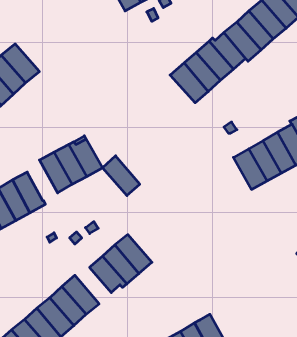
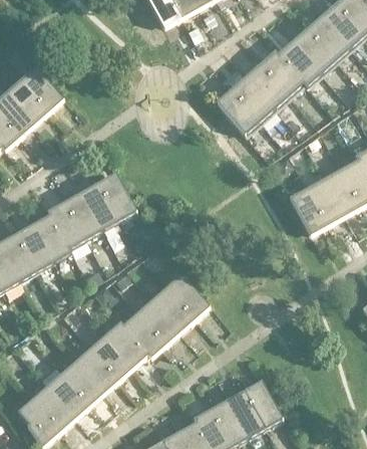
building: [103,156,140,196] -> [166,273,210,319]
building: none -> [50,201,85,248]
building: none -> [105,321,147,368]

